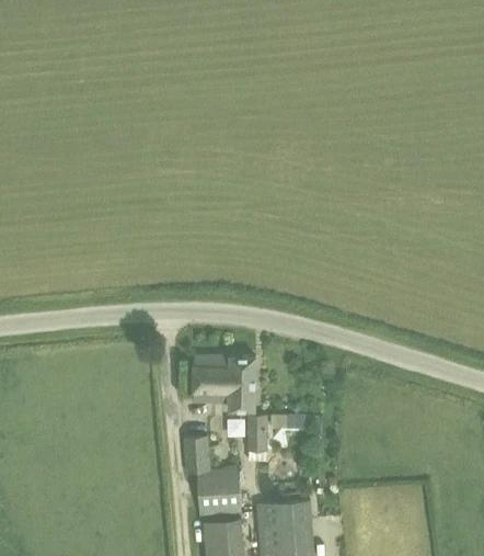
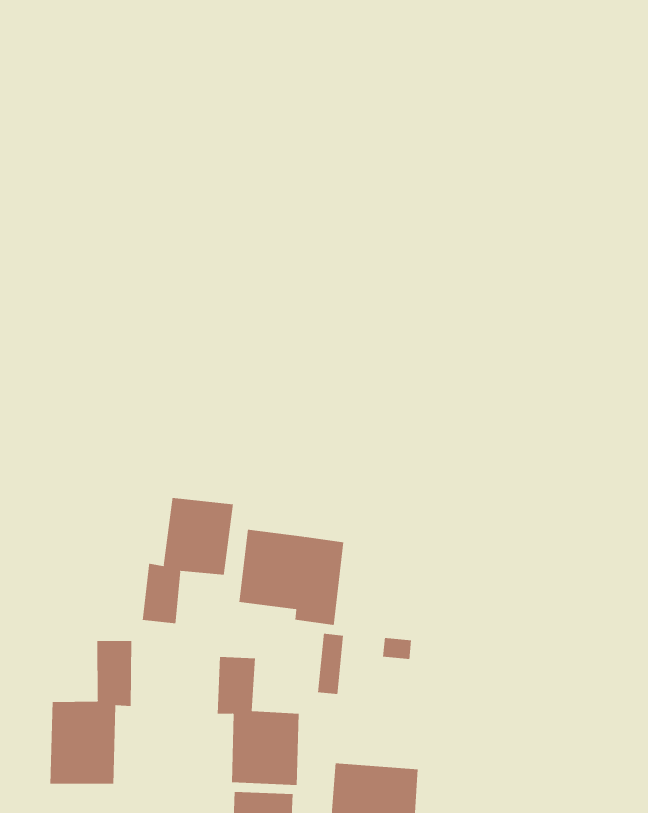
building: none -> [142,497,234,624]
building: none -> [50,640,132,784]

